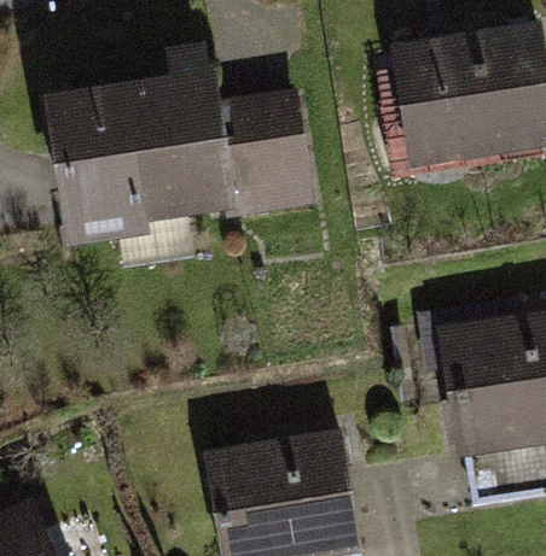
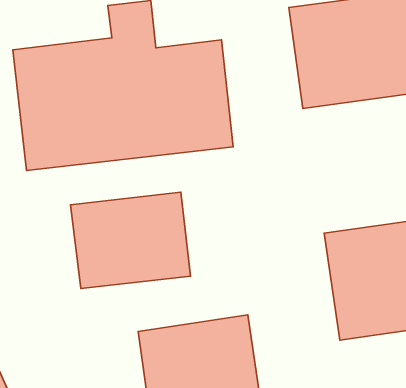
building: none -> [70,192,190,288]

